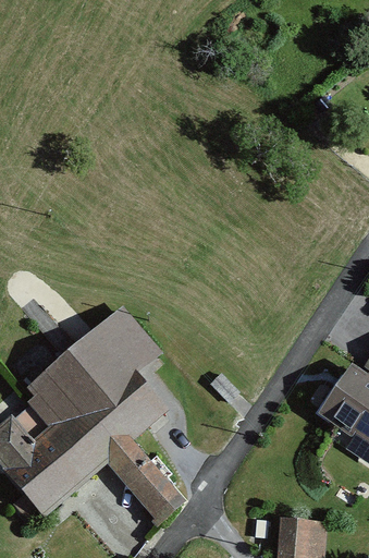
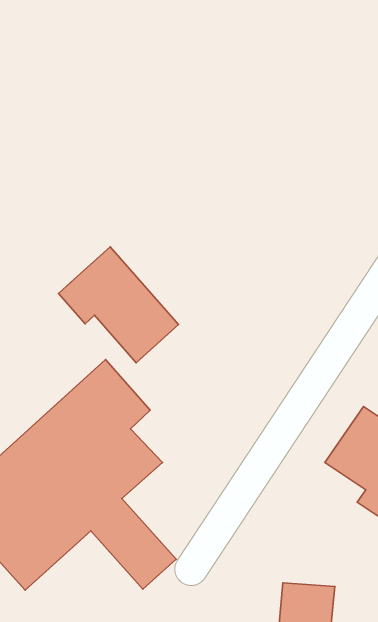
building: none -> [58,247,179,363]

